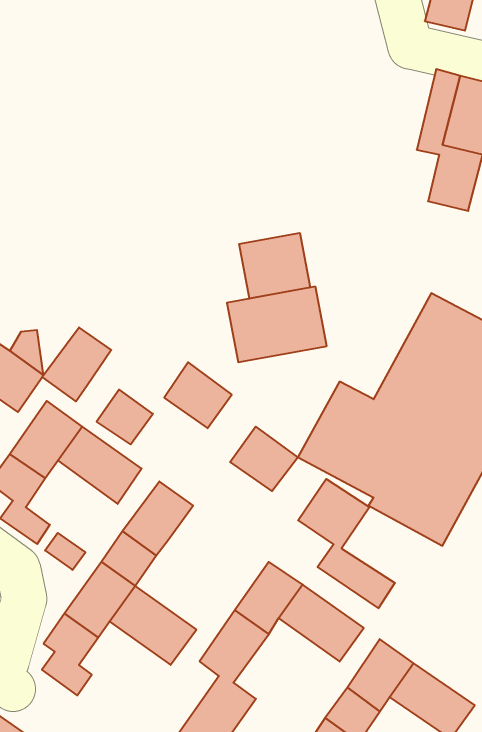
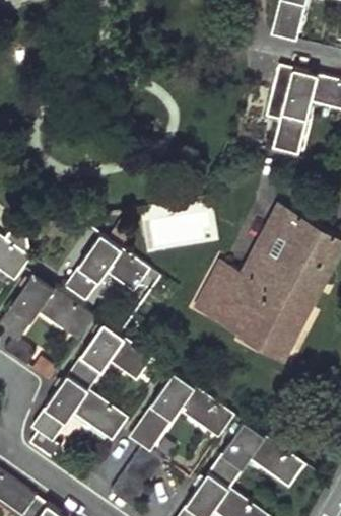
building: [239,233,310,299] -> none
building: [42,327,111,401] -> [78,235,122,282]
building: [230,427,298,491] -> [109,340,151,380]
building: [298,479,395,608] -> none

